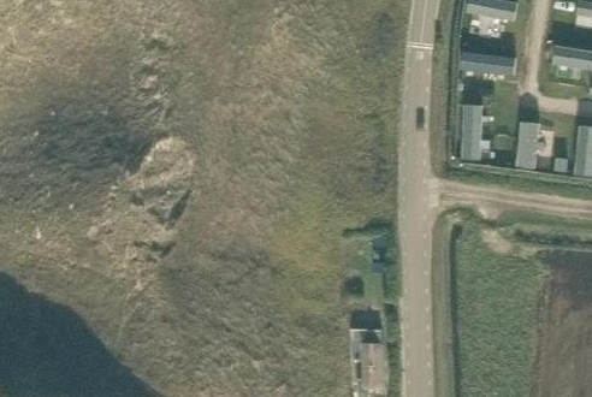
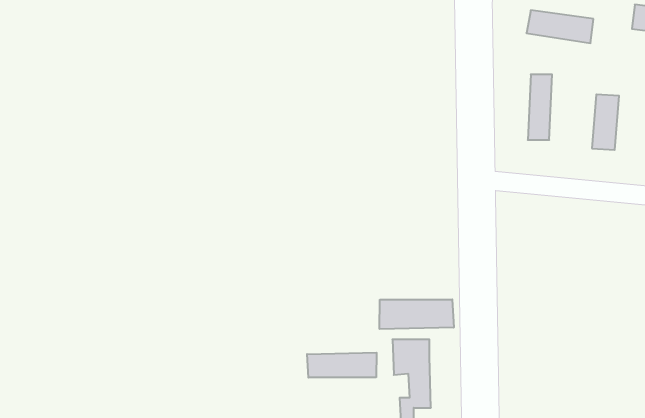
building: none -> [380,299,454,329]
building: none -> [307,353,377,378]

